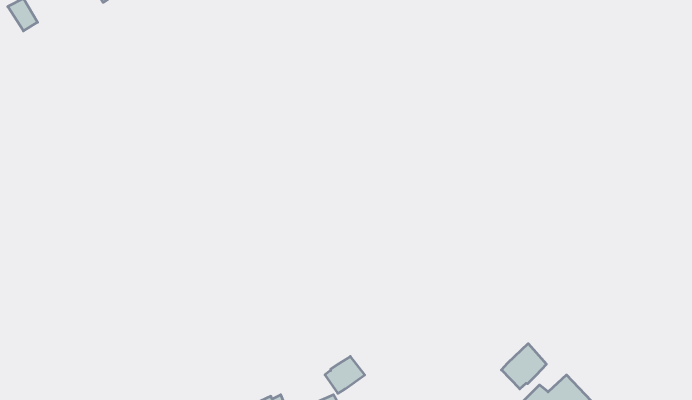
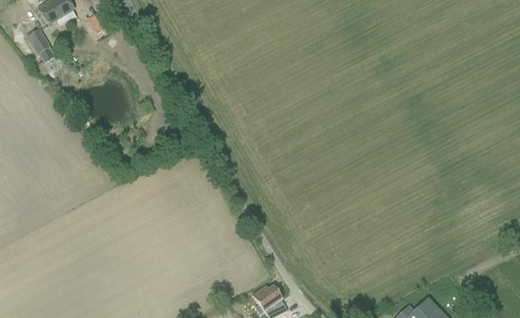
building: [501,344,546,389] -> none

